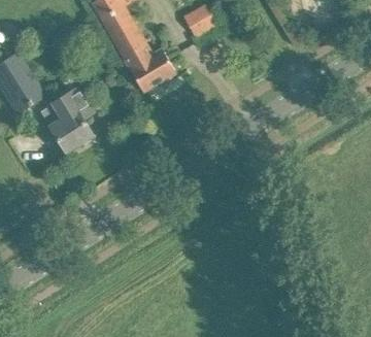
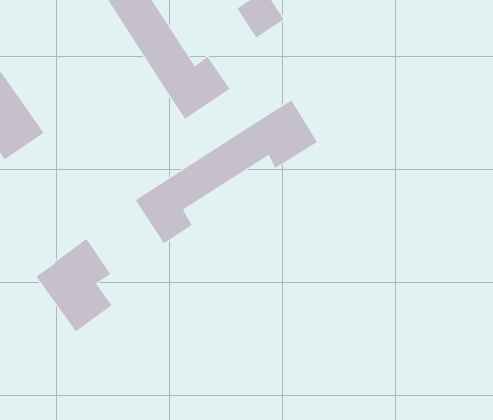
building: none -> [135,99,318,244]
building: [40,87,93,151] -> [36,238,113,332]

